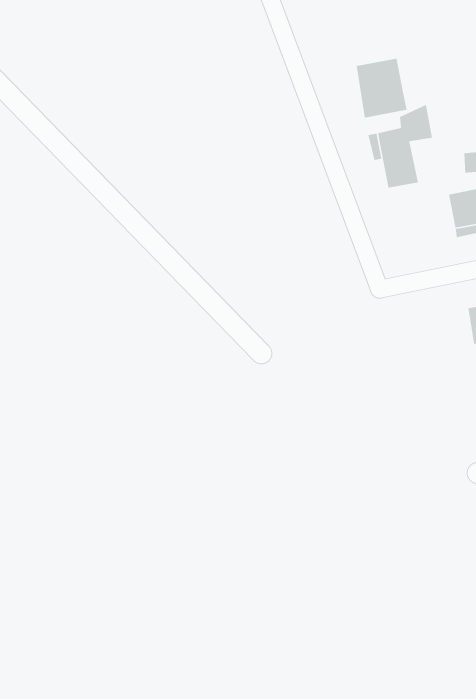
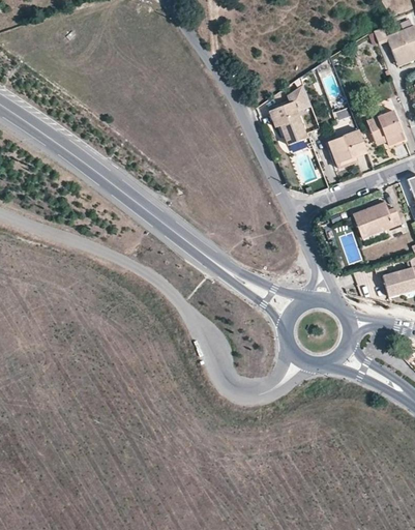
building: [356,58,407,118] -> none

